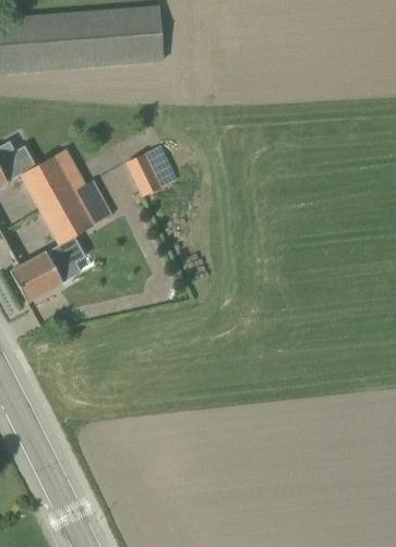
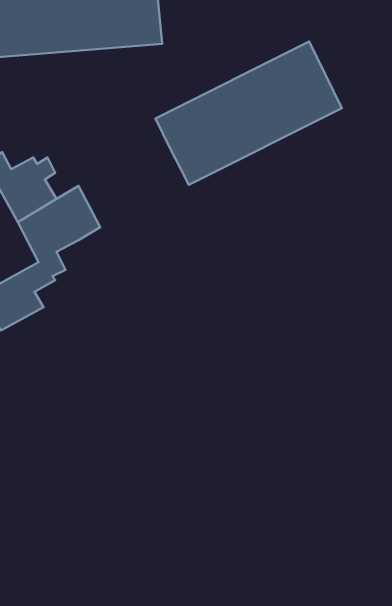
building: none -> [155,41,342,185]
building: [125,148,172,196] -> none

